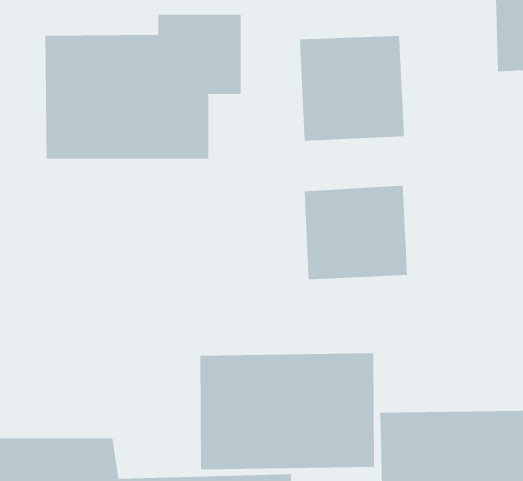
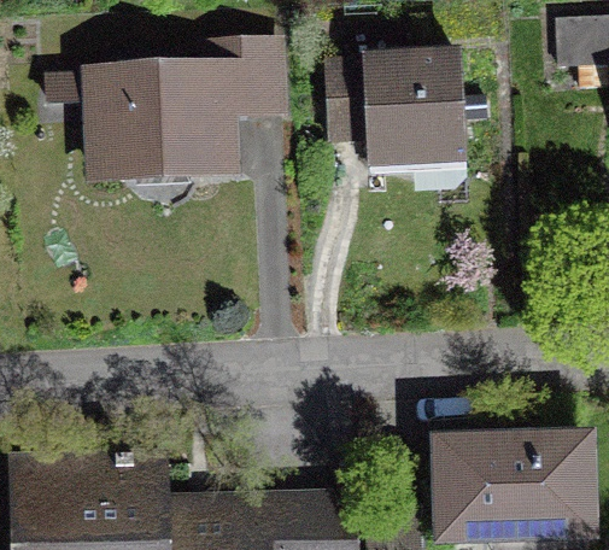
building: [304,185,407,280] -> none
building: [200,352,374,470] -> none

